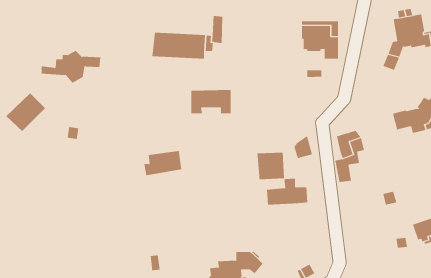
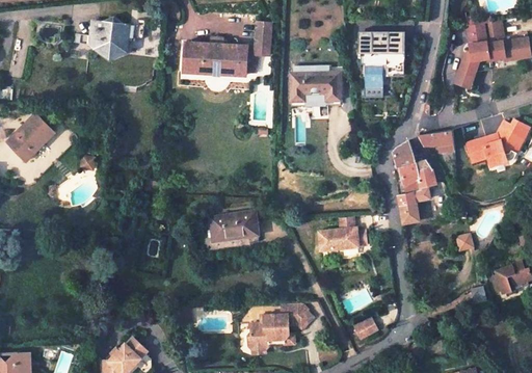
building: [41,50,101,83] -> [74,17,145,56]
building: [190,90,232,114] -> [291,73,340,102]
building: none -> [418,131,453,153]
building: [294,135,313,159] -> [392,140,415,168]
building: [144,150,182,176] -> [211,212,257,242]
building: [257,152,285,180] -> none

